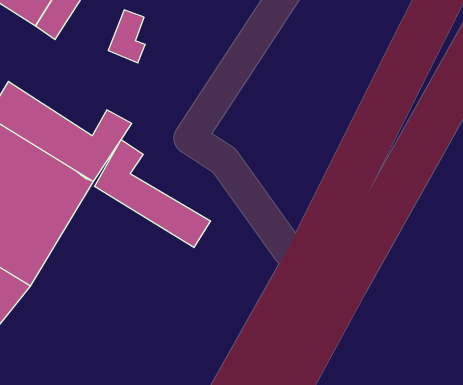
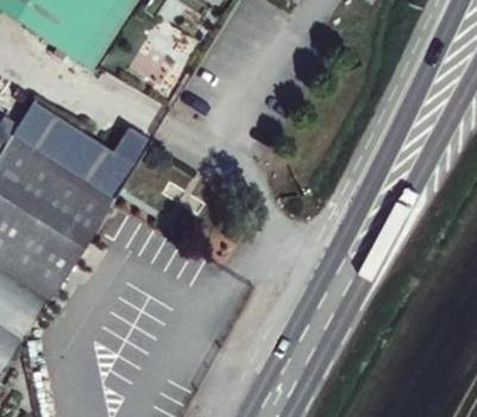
building: [94,139,211,248] -> none

